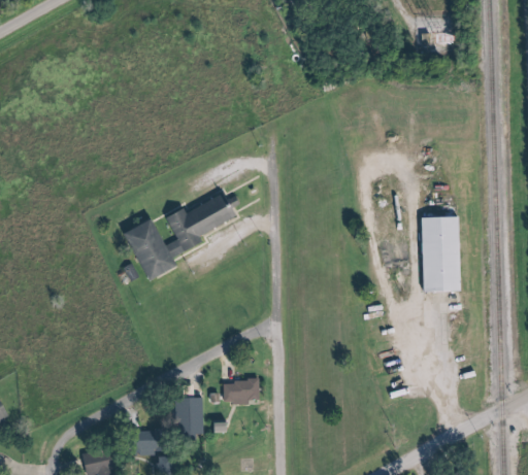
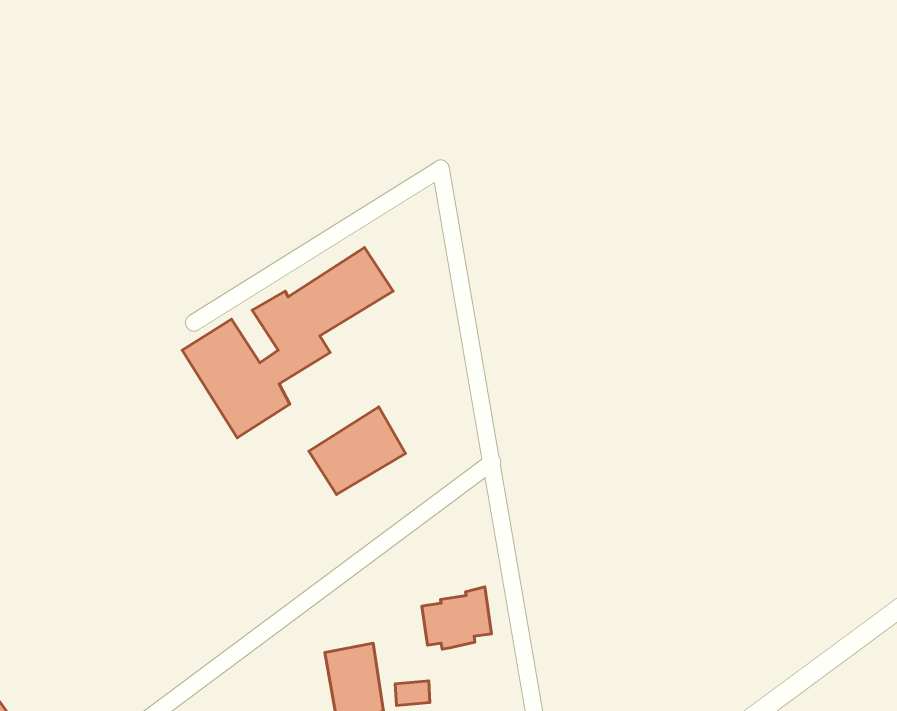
building: [423,214,461,292] -> none
building: none -> [309,407,405,495]

